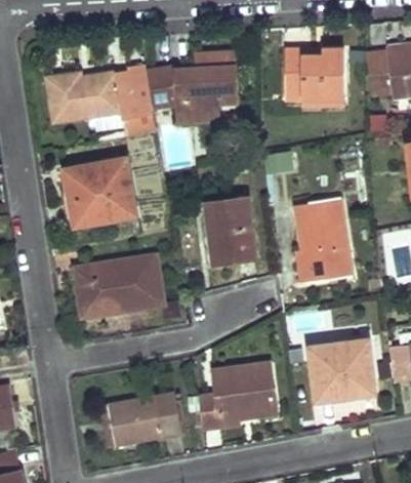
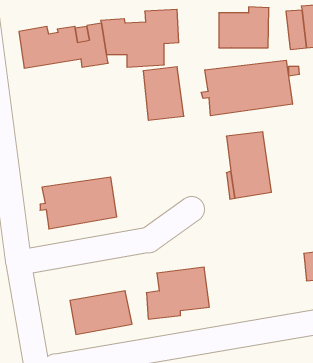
building: none -> [201,60,292,116]
building: [64,158,134,226] -> none
building: [205,198,254,263] -> [143,67,184,120]
building: [309,340,374,400] -> none

